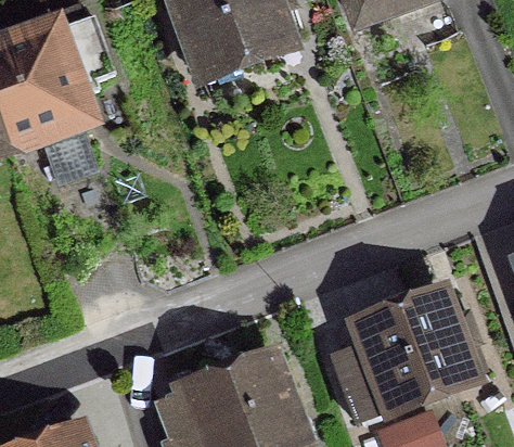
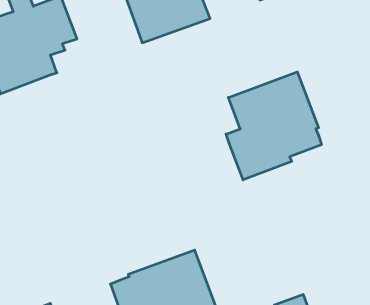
building: none -> [226,72,321,180]
building: [331,292,473,421] -> none

